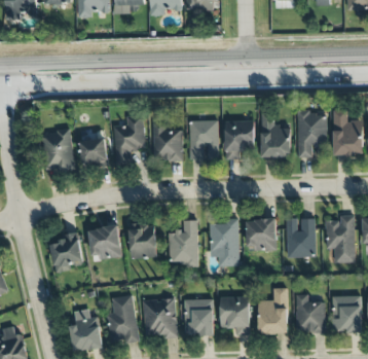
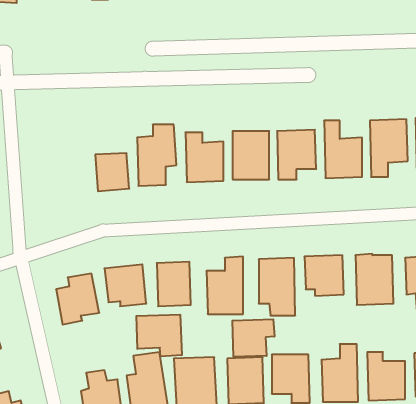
building: [41,130,74,171] -> none
building: none -> [136,315,182,356]
building: none -> [232,319,274,357]

